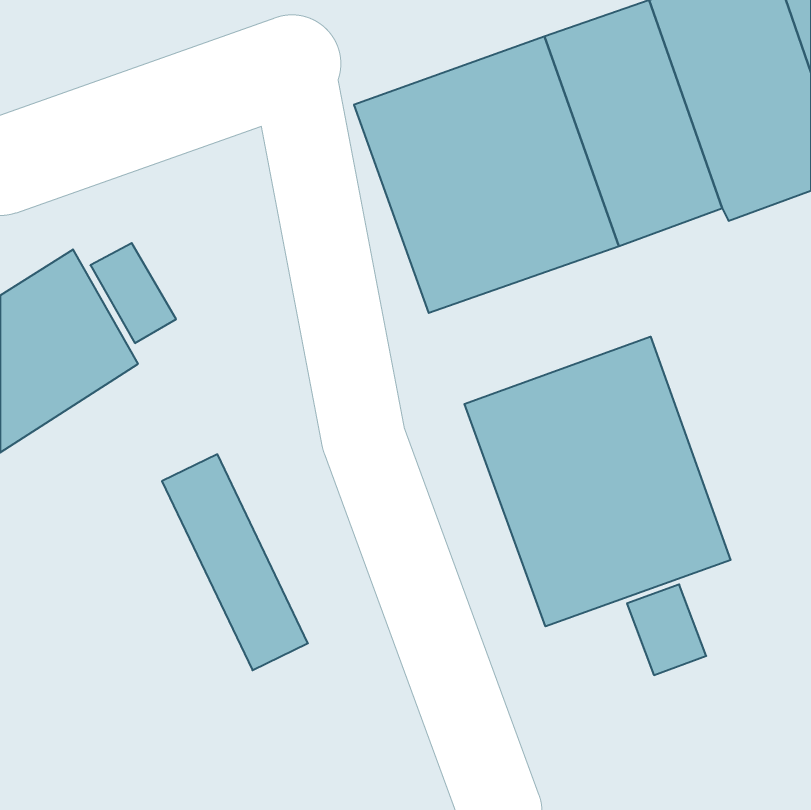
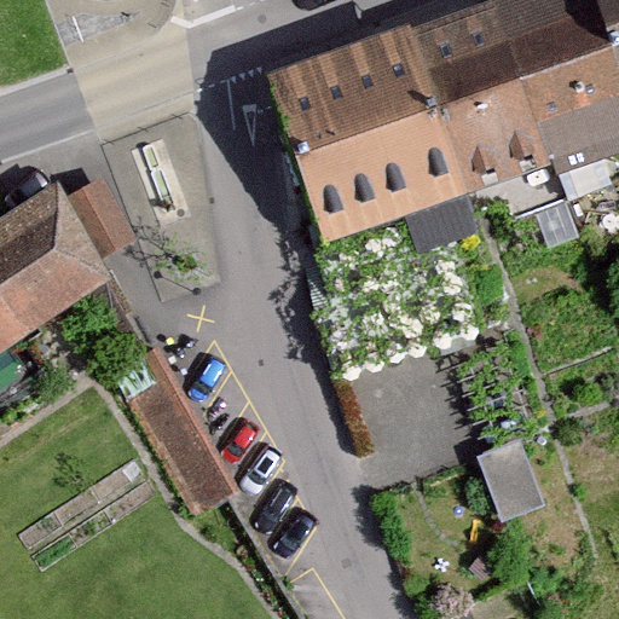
building: [464,337,731,626] -> none

